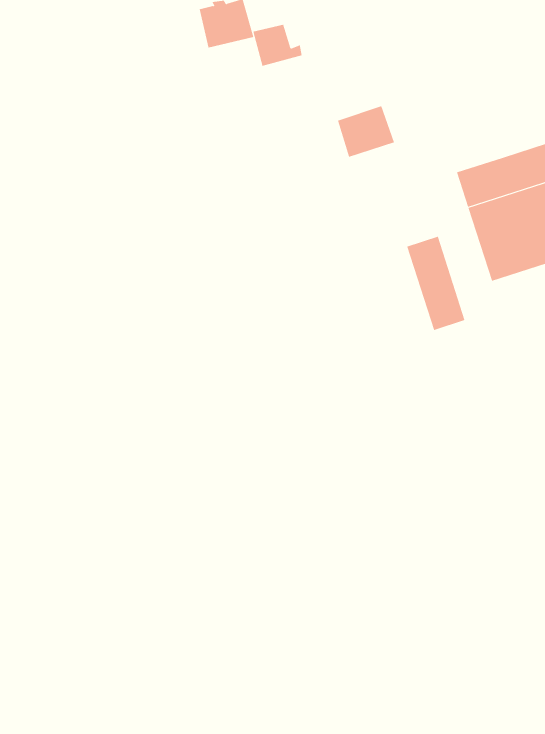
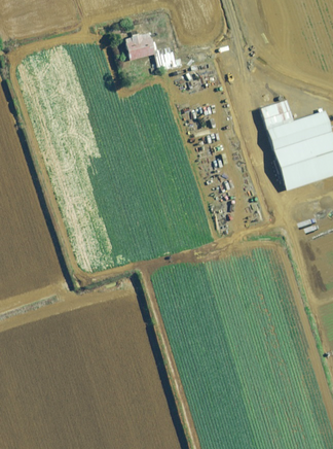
building: [337,106,395,157] -> [261,100,293,129]
building: [407,236,465,331] -> none

